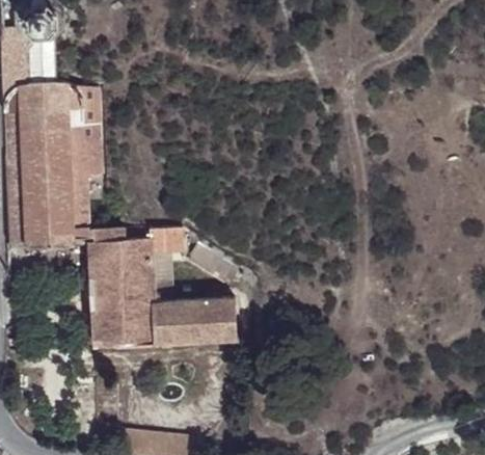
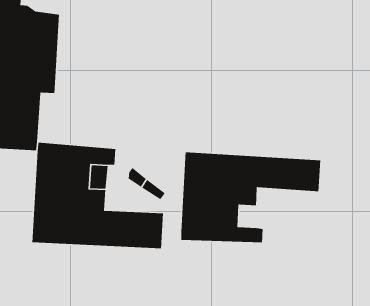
building: none -> [181,152,321,243]

